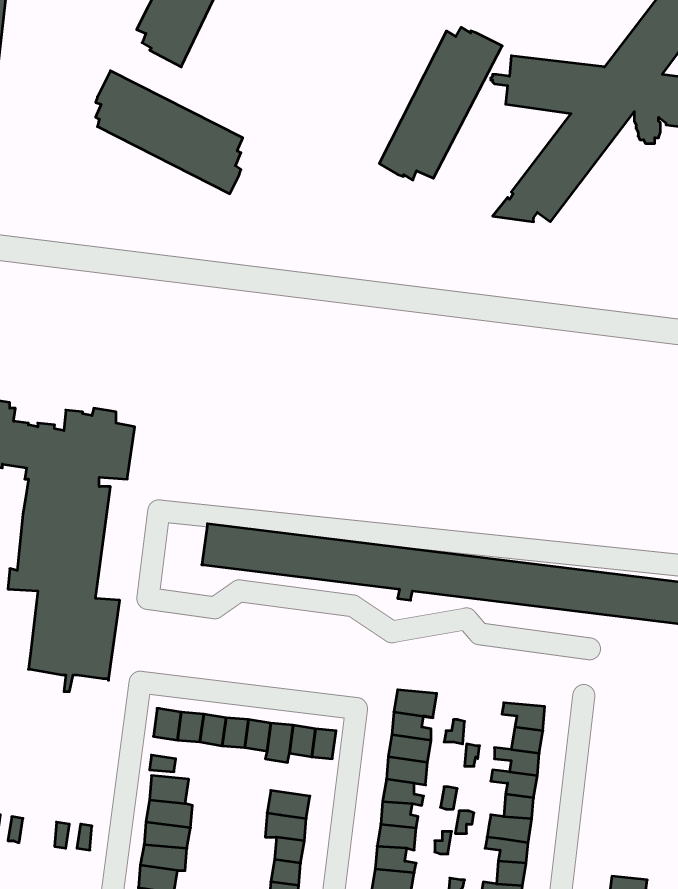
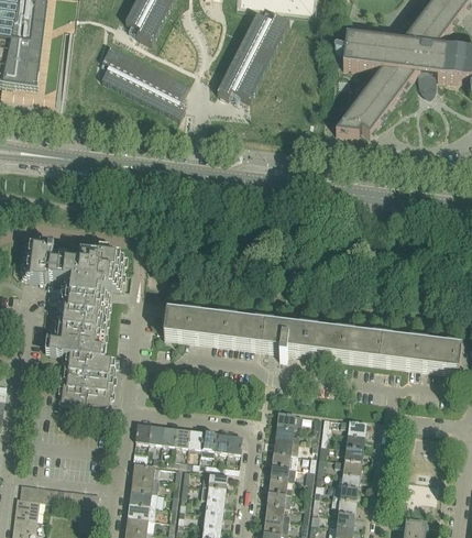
building: [379,27,502,180] -> [217,10,289,100]

